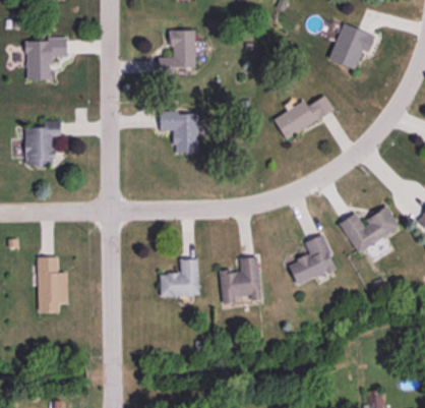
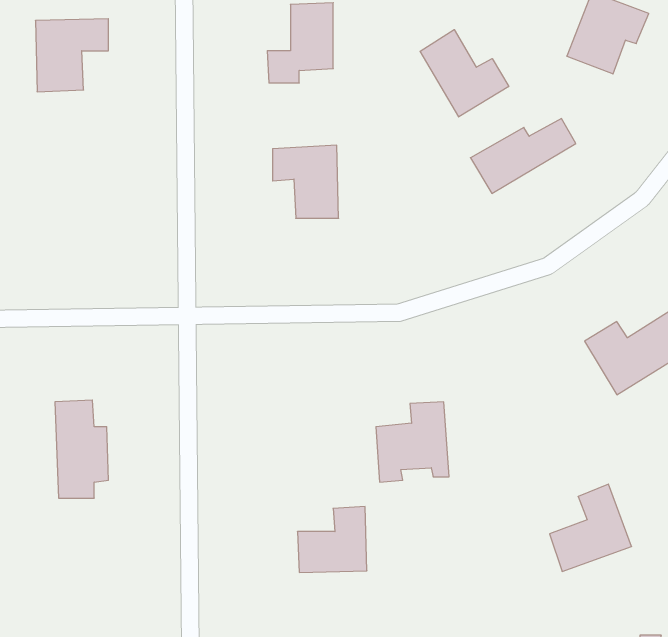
building: none -> [420,30,509,117]
building: [24,120,62,163] -> none
building: [289,234,336,284] -> [550,484,632,571]
building: [160,258,199,296] -> [297,507,367,572]

